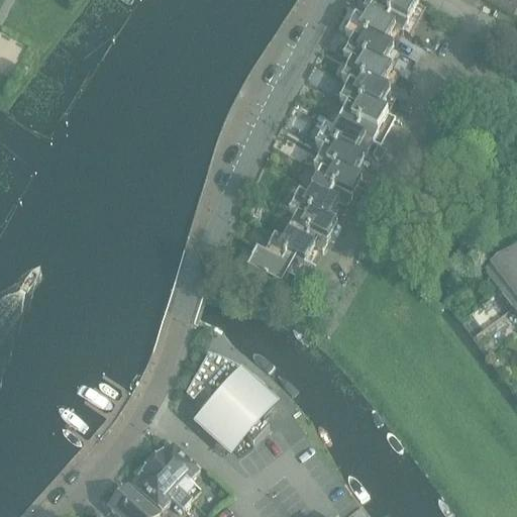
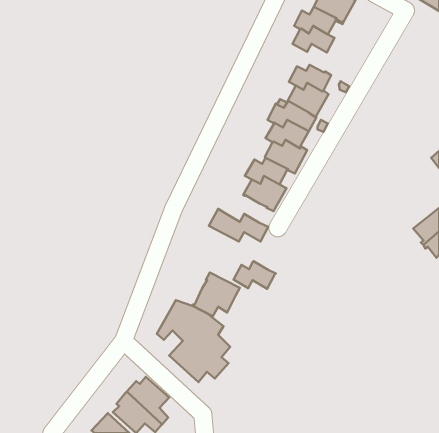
building: [340,51,390,85] -> none
building: [264,228,313,261] -> [234,261,276,289]
building: none -> [193,273,240,316]

